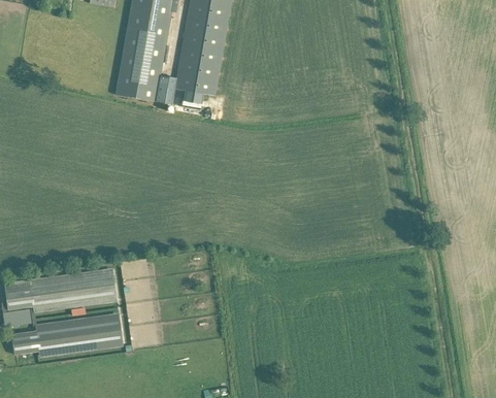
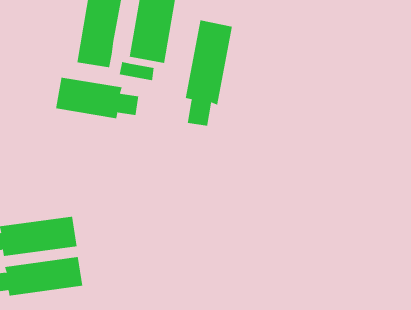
building: none -> [185,19,233,127]
building: none -> [55,77,139,119]

